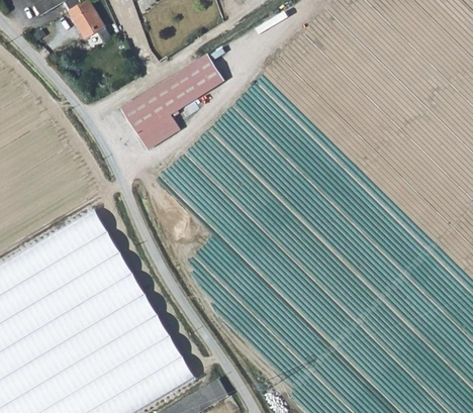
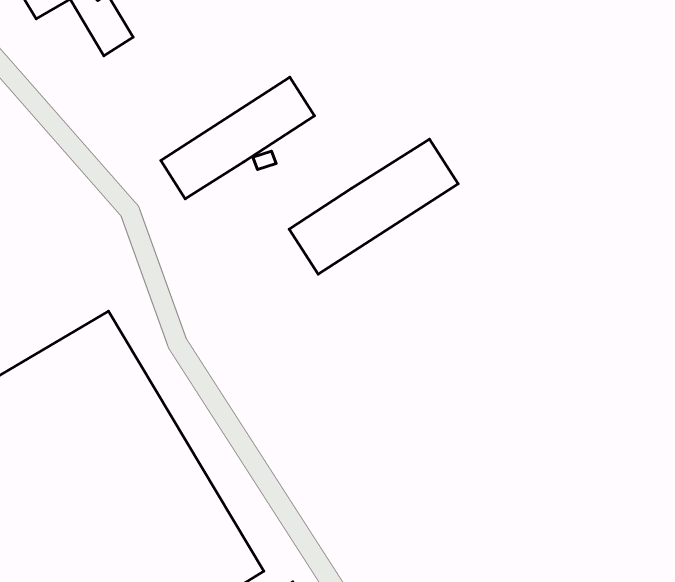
building: none -> [289,139,458,274]
building: [140,108,182,147] -> none

